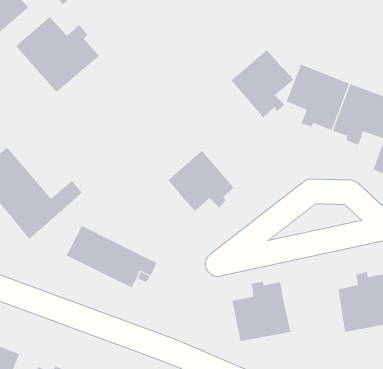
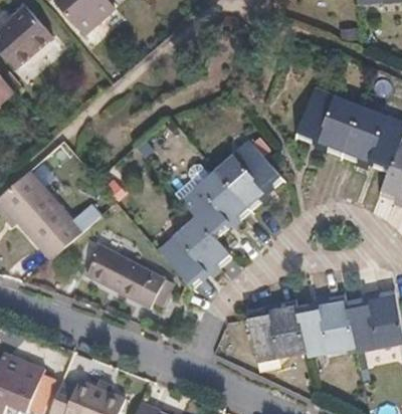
building: [15,16,100,93] -> none
building: [231,49,294,118] -> [218,144,279,210]
building: none -> [162,220,230,281]
building: none -> [295,294,354,352]

